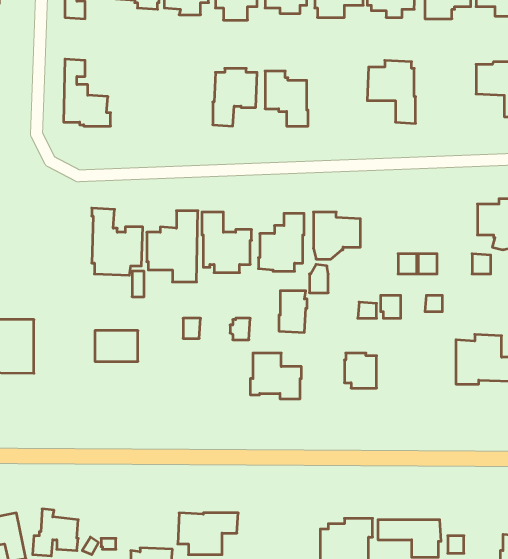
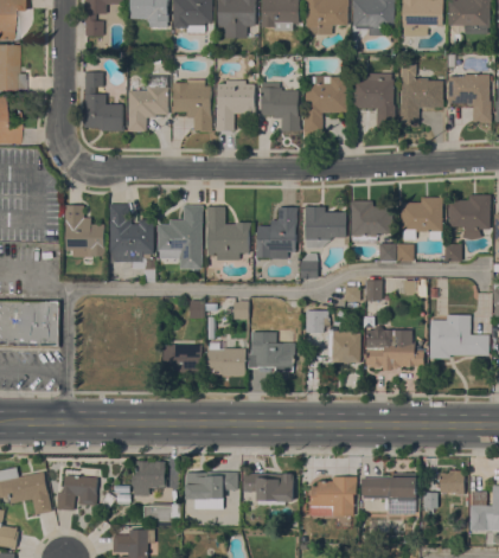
building: none -> [399,64,443,127]
building: none -> [129,75,168,120]
building: none -> [303,75,347,132]
building: none -> [173,78,211,132]
building: none -> [401,197,442,231]
building: none -> [351,200,392,242]
building: none -> [65,205,105,256]
building: [279,291,307,332] -> [305,310,330,347]
building: [95,331,138,361] -> [164,345,201,372]
building: none -> [366,326,424,370]
building: none -> [207,341,247,376]
building: none -> [132,461,166,495]
building: none -> [440,469,465,494]
building: none -> [243,474,294,504]

